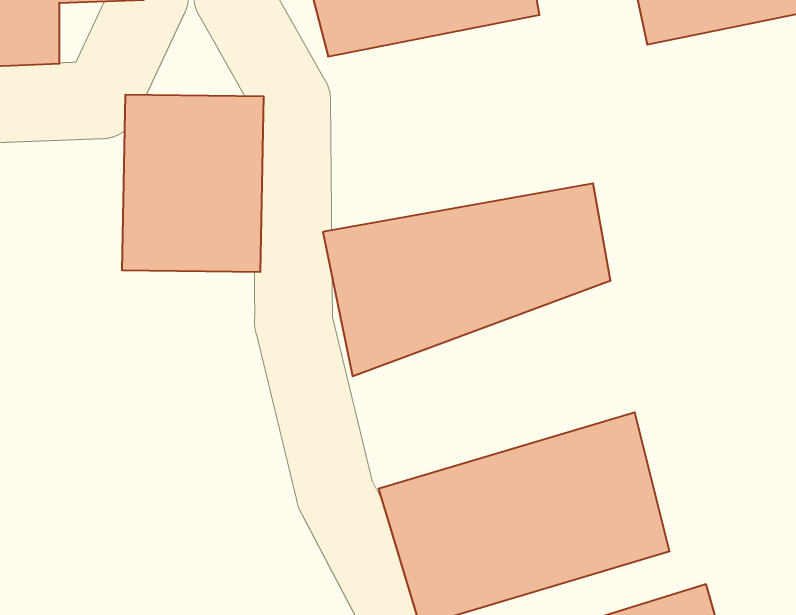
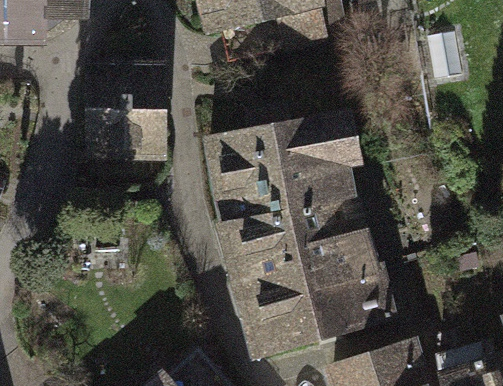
building: none -> [218,162,381,282]

